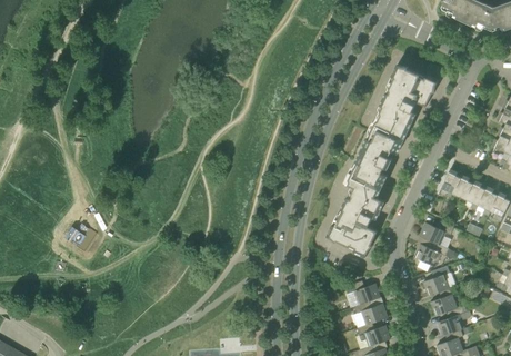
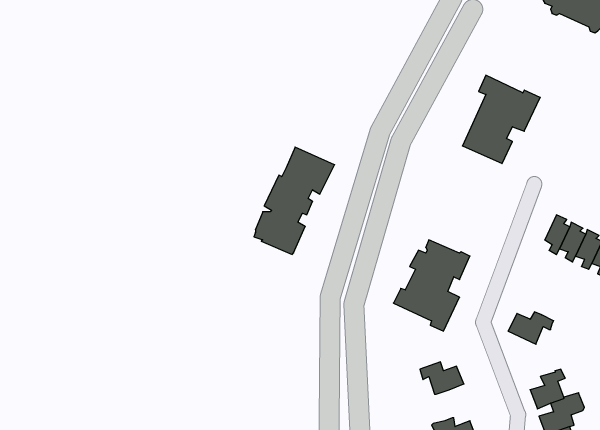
building: [349,116,410,197] -> [254,147,335,254]
building: [420,219,454,244] -> none
building: [423,265,450,295] -> none
building: [353,300,388,326] -> none

